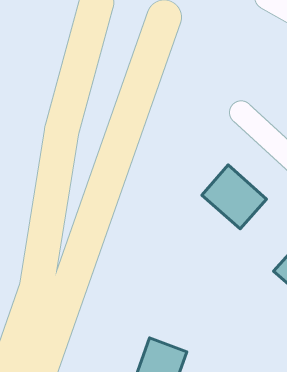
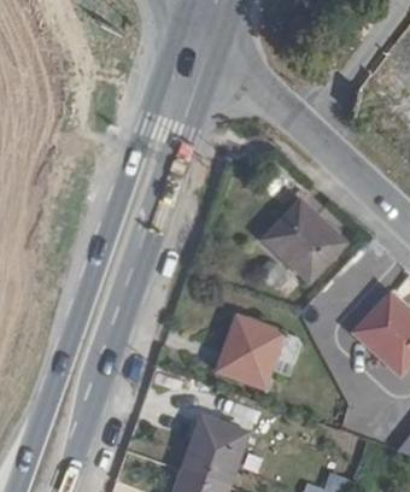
building: none -> [216,315,297,383]

